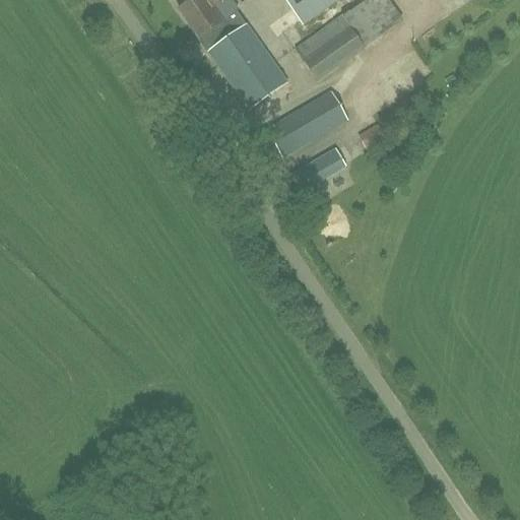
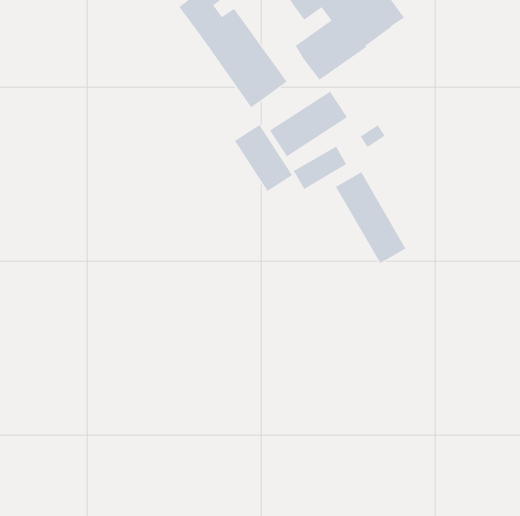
building: none -> [234,124,293,192]
building: none -> [335,172,406,264]

